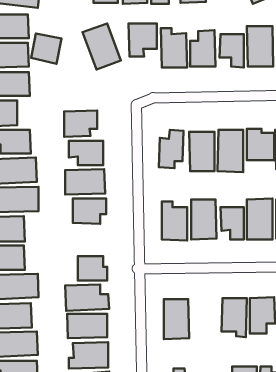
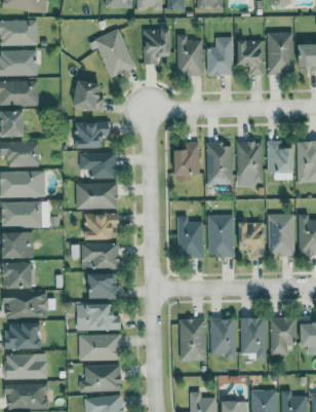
building: [31,33,61,64] -> [74,79,106,111]
building: none -> [80,242,120,269]
building: none -> [210,317,237,359]

